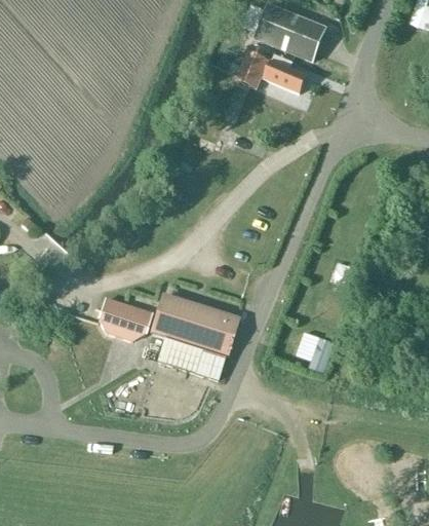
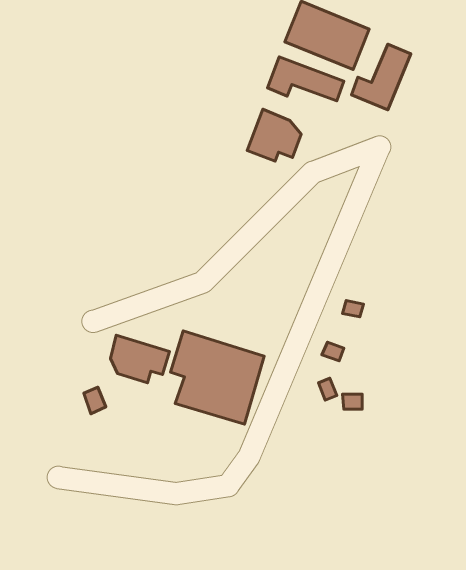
building: none -> [352,44,411,110]
building: none -> [247,109,301,161]

